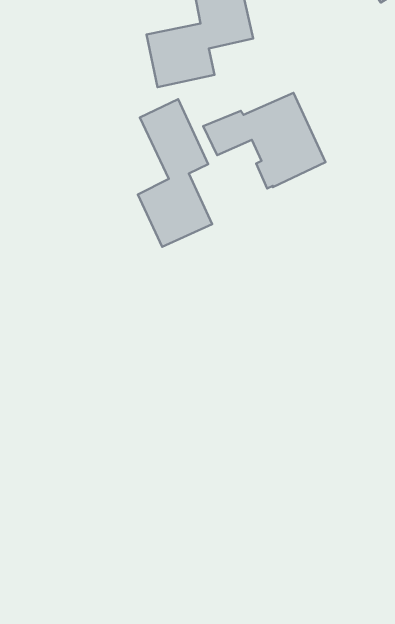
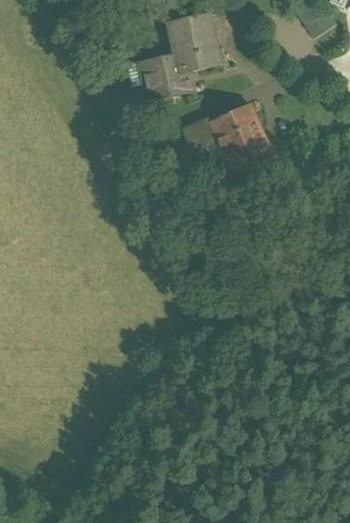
building: [138,99,212,247] -> none

